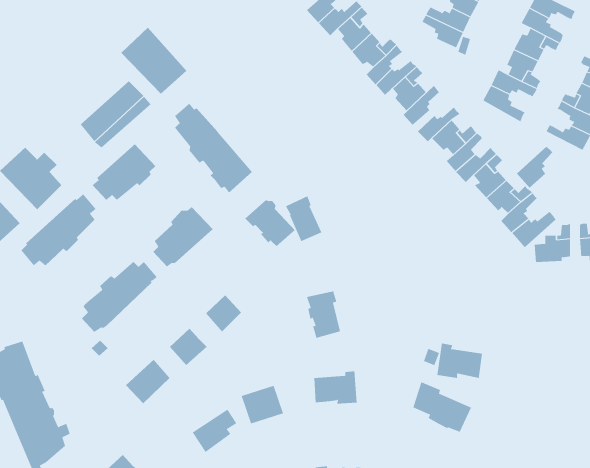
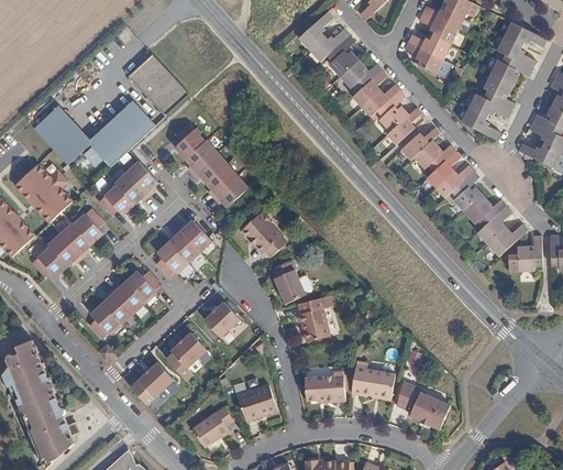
building: none -> [31,109,88,164]
building: [516,146,553,188] -> none
building: [285,196,322,242] -> [271,260,305,303]
building: [436,343,483,379] -> [351,363,394,396]

